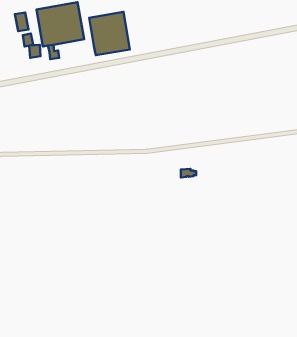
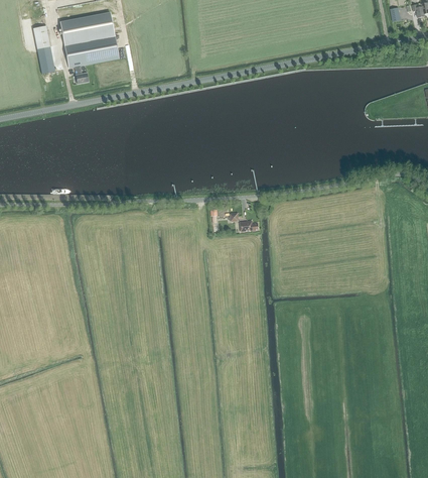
building: [89,12,130,55] -> none

